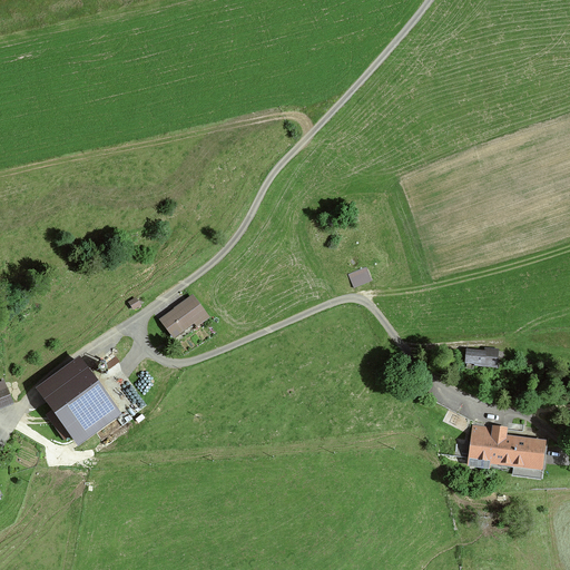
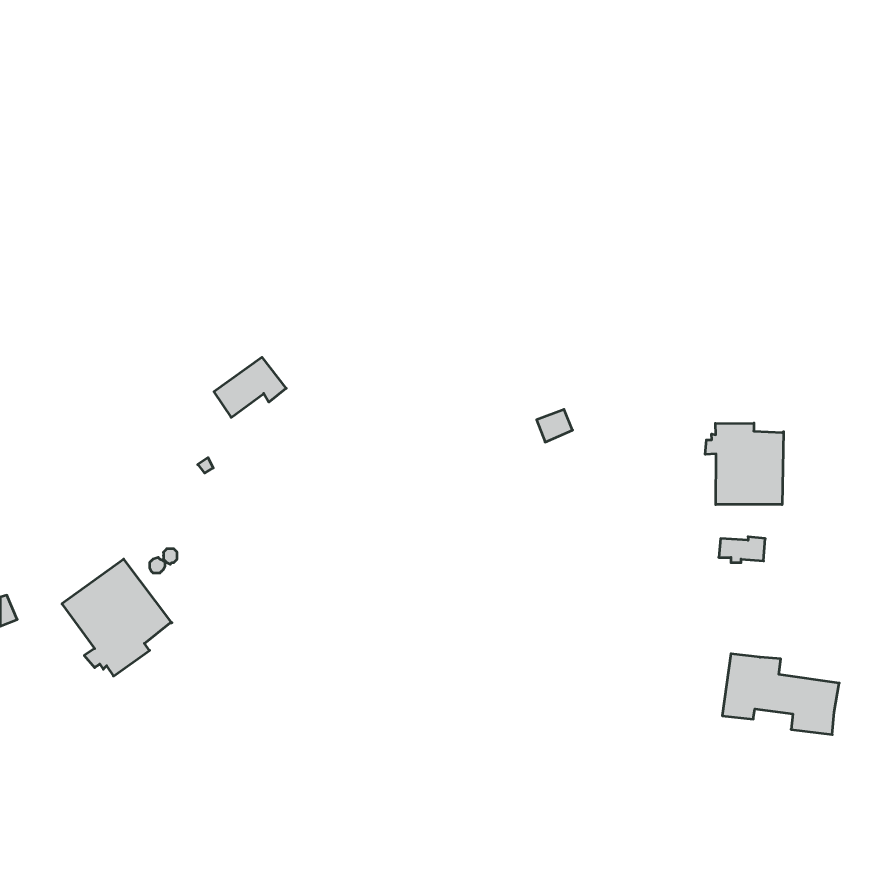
building: none -> [705,423,784,505]
building: [161,296,208,335] -> [214,357,286,417]

